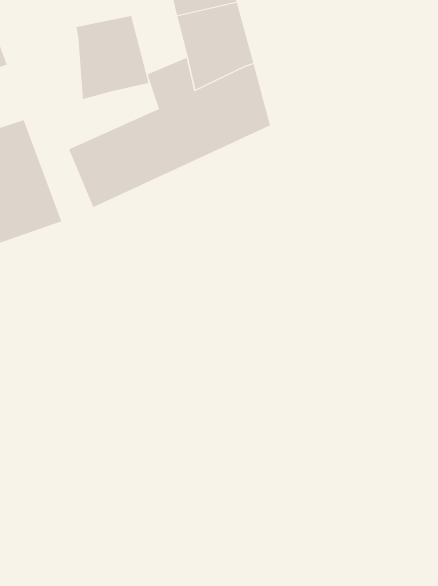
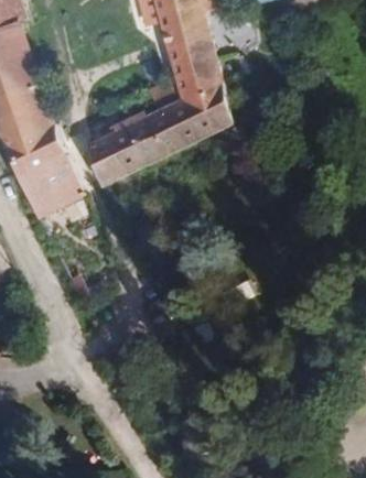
building: [76,15,149,100] -> none

